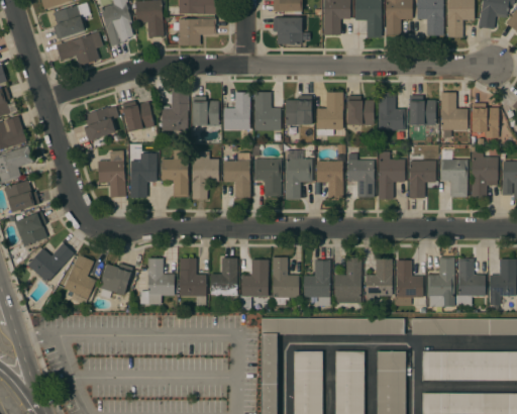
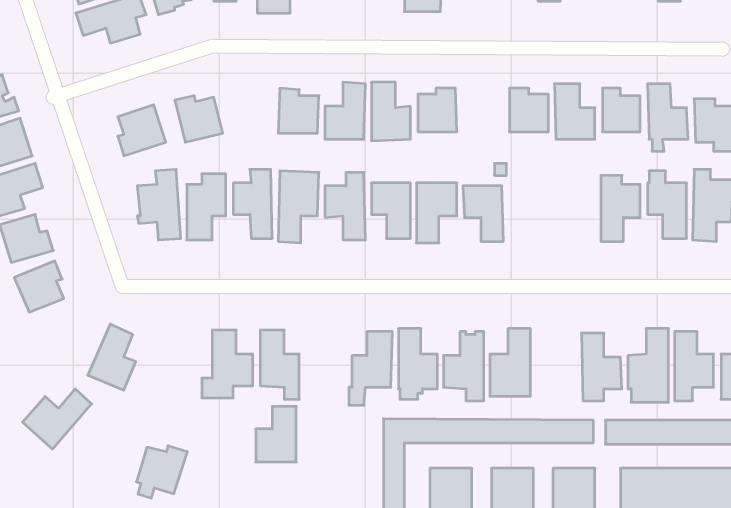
building: [162,92,188,131] -> none
building: [317,92,343,136] -> none
building: [378,151,405,200] -> none
building: [347,153,374,197] -> none
building: [27,243,74,284] -> [23,389,92,449]
building: [210,258,237,296] -> [256,406,296,462]
building: [366,258,392,304] -> none
building: [99,264,133,299] -> [136,446,187,498]

